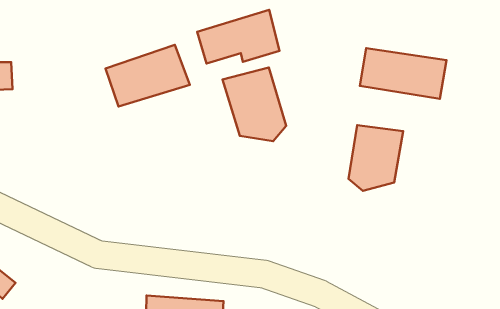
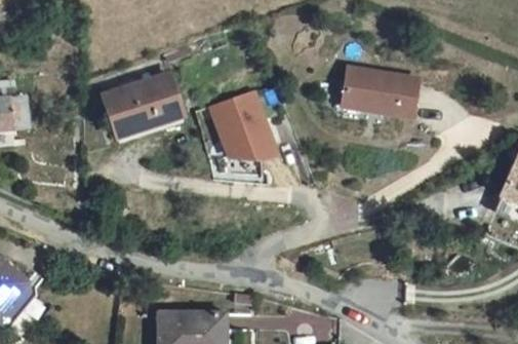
building: [197,10,279,63] -> none
building: [349,125,403,191] -> none

